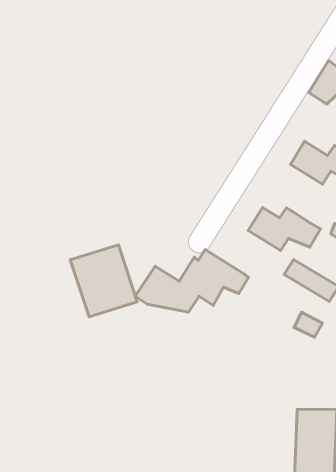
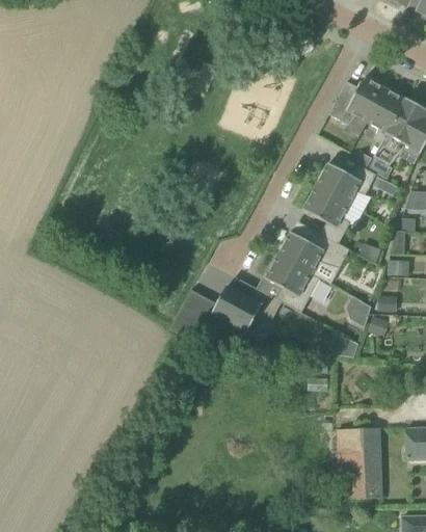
building: none -> [303,186,350,243]
building: none -> [266,255,321,312]
building: [70,245,137,317] -> none

